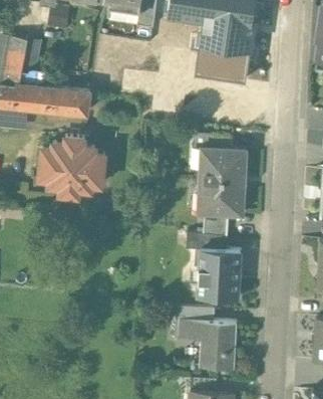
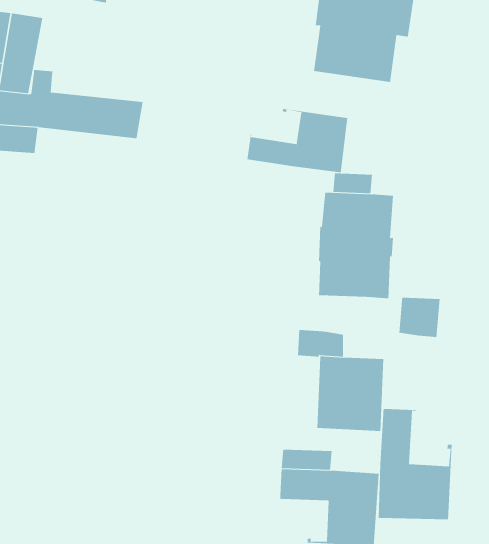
building: none -> [247,108,348,173]
building: [38,138,105,197] -> none
building: [203,213,229,238] -> [398,297,440,338]
building: none -> [378,408,452,520]

